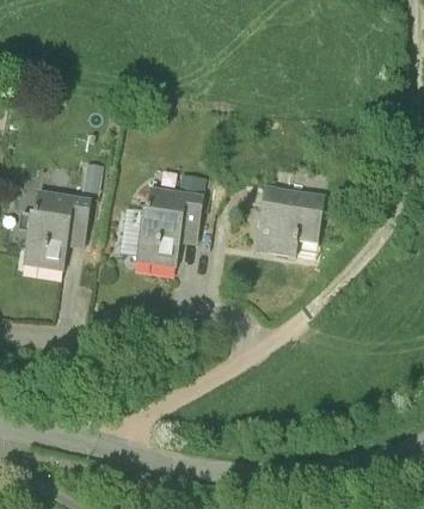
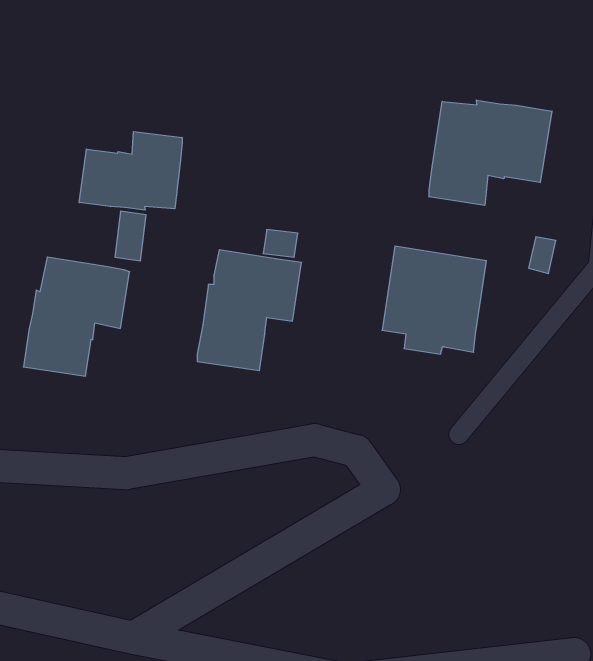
building: none -> [429,100,552,205]
building: none -> [79,132,182,210]

